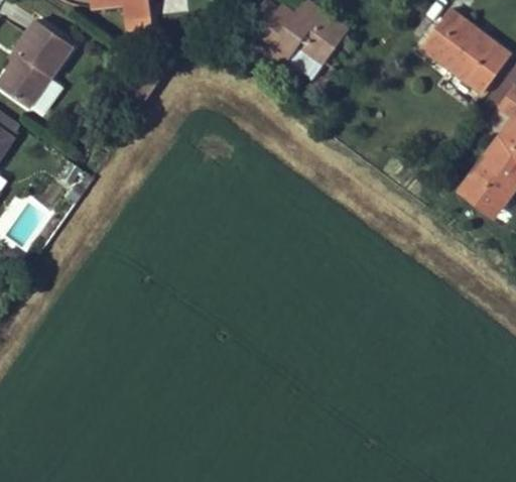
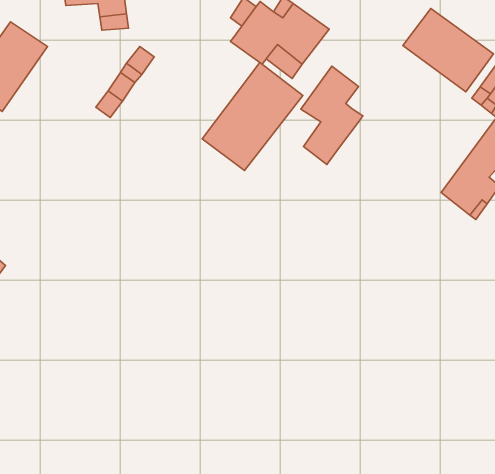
building: none -> [202,63,303,171]
building: none -> [301,66,363,164]

